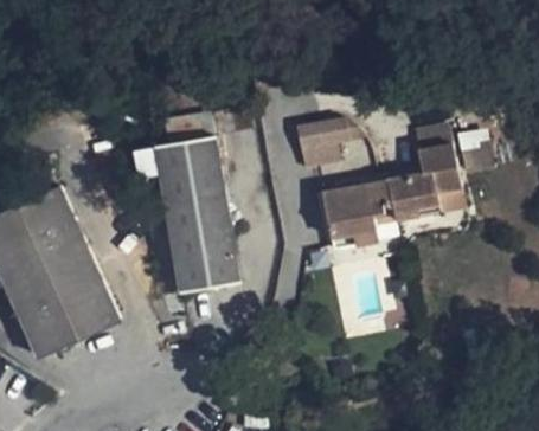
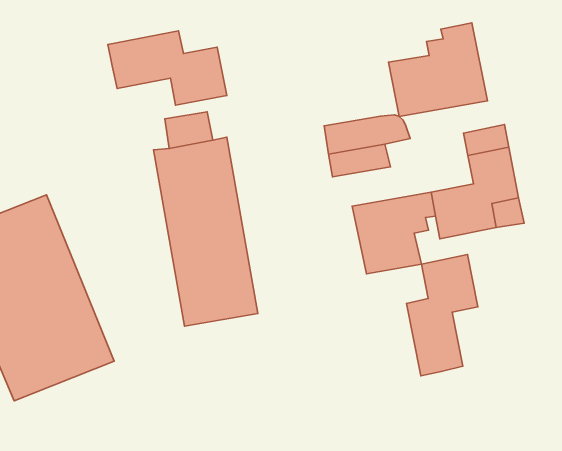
building: none -> [388,23,487,116]
building: none -> [108,31,227,105]
building: none -> [406,254,478,376]

